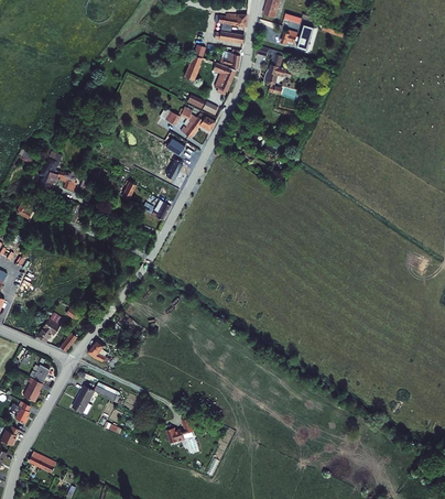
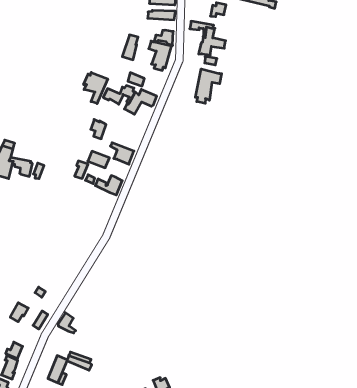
building: none -> [84,72,108,104]
building: none -> [195,69,222,103]

